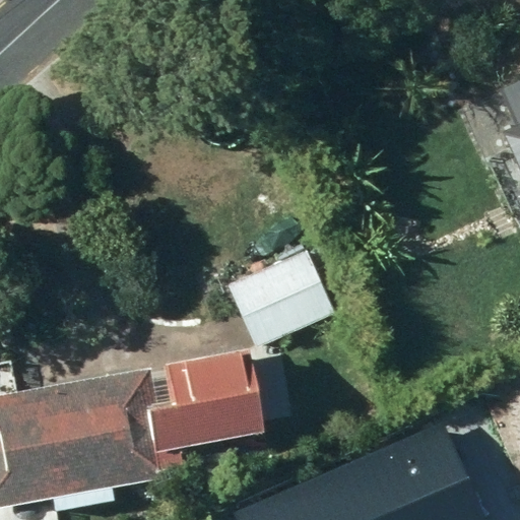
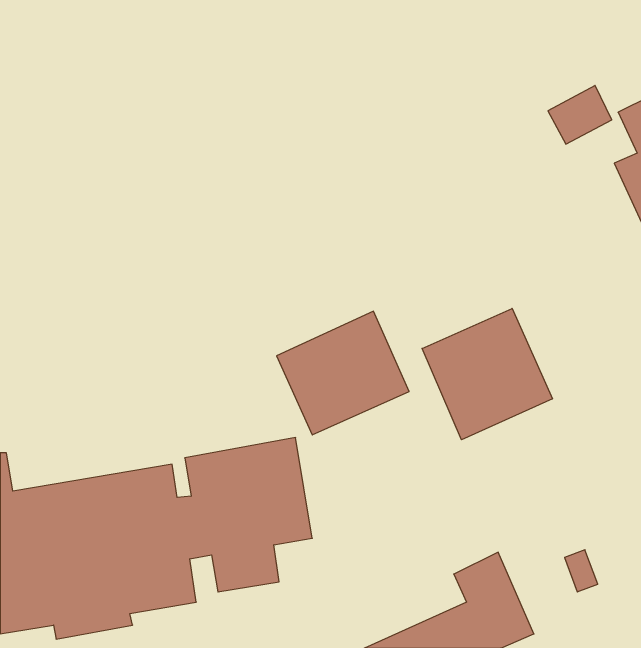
building: none -> [422,308,552,440]

